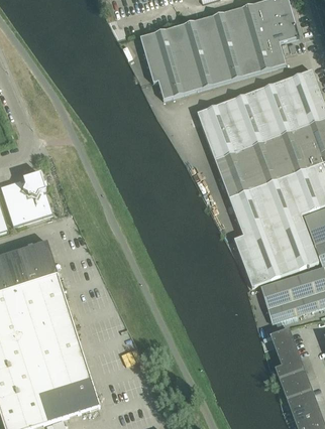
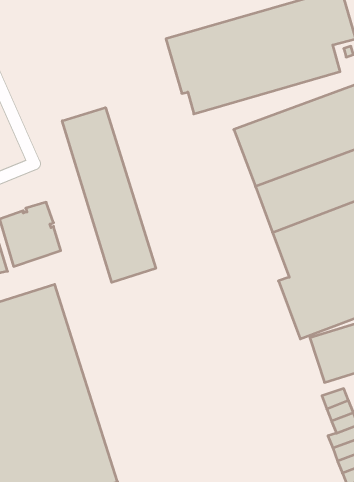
building: none -> [62,108,156,282]

